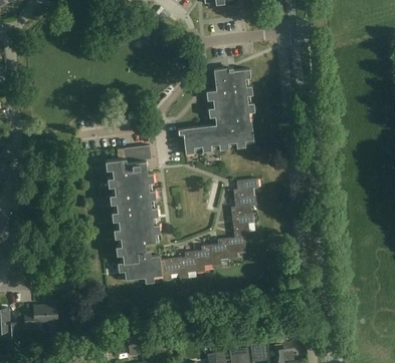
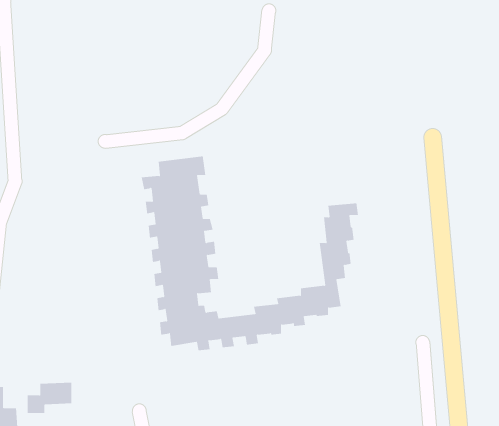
building: [178,67,254,153] -> none

